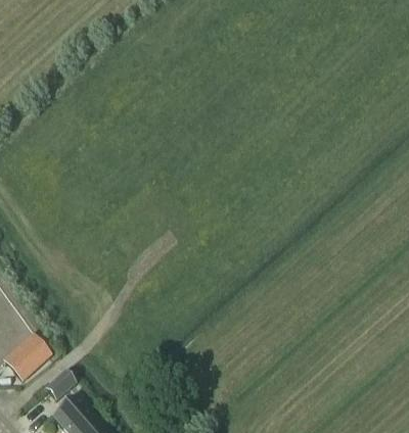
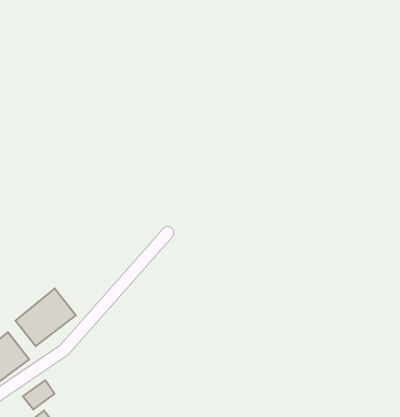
building: none -> [15,288,76,346]

